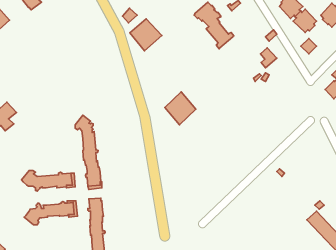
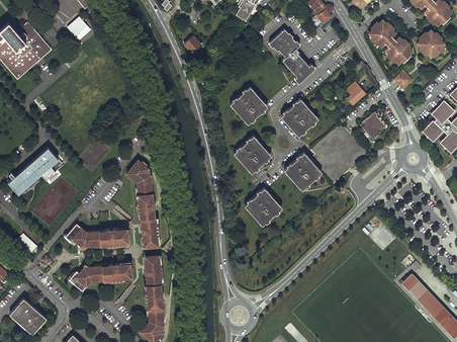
building: [130,19,162,51] -> [230,86,267,123]
building: none -> [280,98,317,136]
building: none -> [359,111,386,140]
building: none -> [283,152,321,189]
building: none -> [244,186,281,224]

